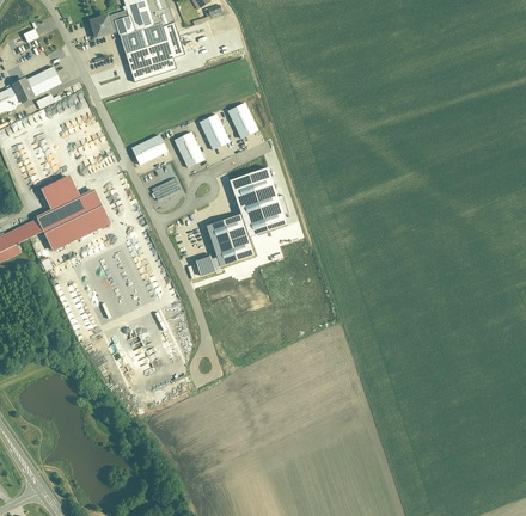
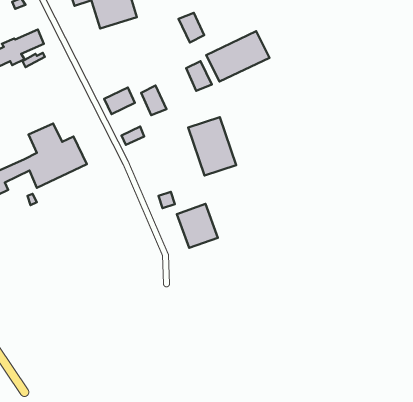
building: none -> [206,31,270,82]
building: [200,115,230,149] -> [178,13,204,42]
building: [206,215,253,266] -> [177,204,218,248]

